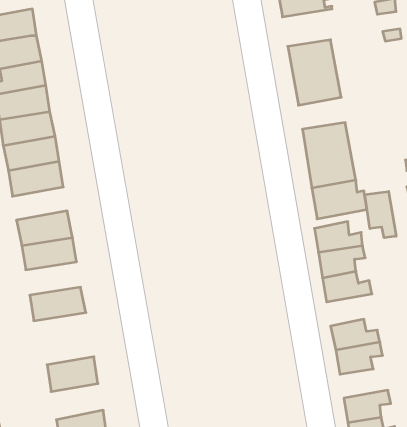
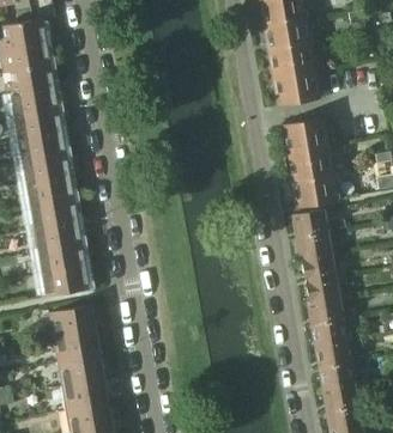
building: none -> [266,19,313,53]
building: none -> [24,178,73,208]
building: [365,191,396,238] -> none
building: none -> [36,245,85,275]
building: none -> [306,274,347,303]
building: none -> [50,306,97,337]
building: none -> [318,341,361,367]
building: none -> [59,354,105,386]

